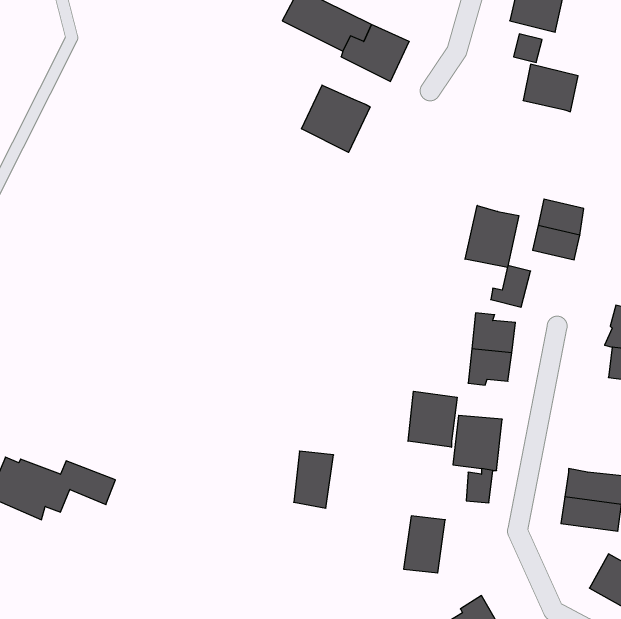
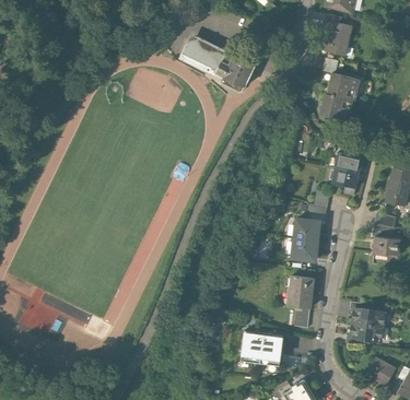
building: [302,85,370,152] -> none
building: none -> [318,94,350,121]
building: [465,205,519,268] -> none
building: [408,391,457,447] -> none
building: [294,451,334,508] -> [238,332,261,365]

